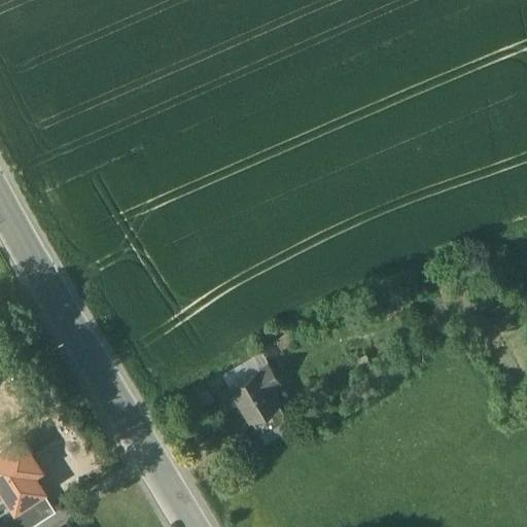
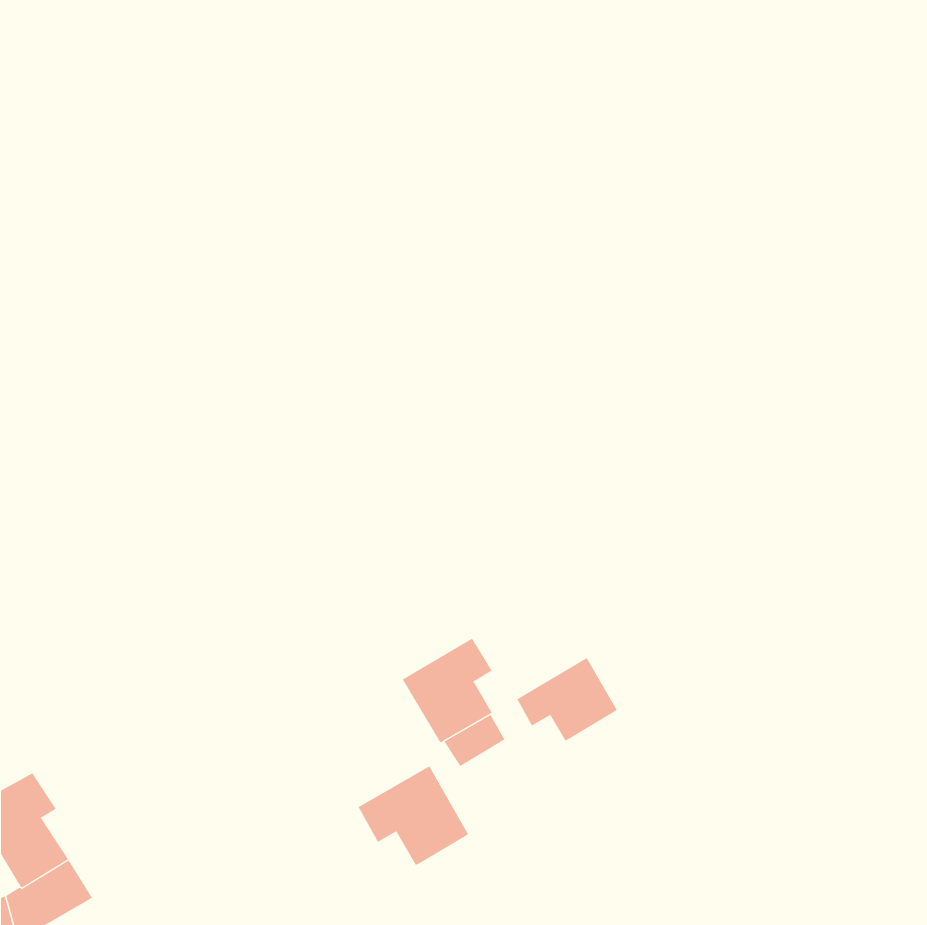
building: none -> [516,657,617,741]
building: none -> [358,765,469,866]

